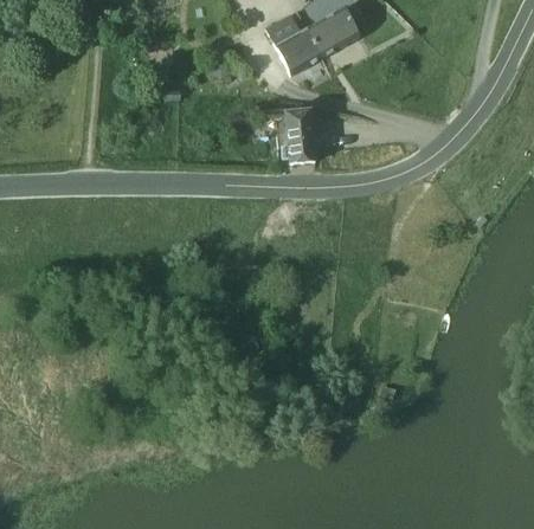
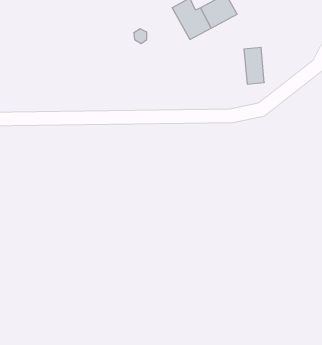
building: [285,107,315,160] -> [244,47,264,84]

